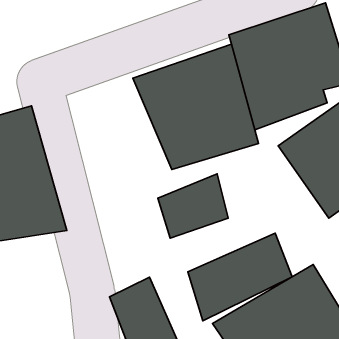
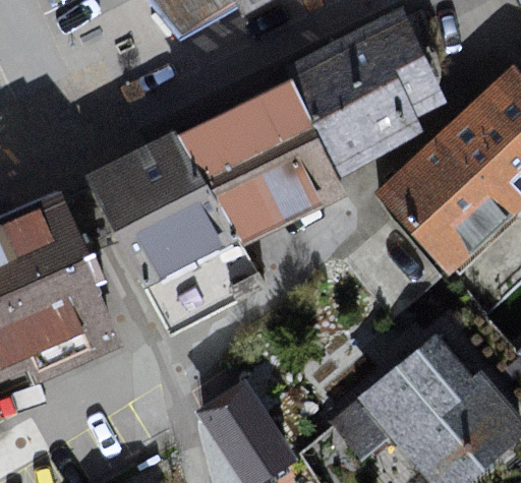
building: none -> [89,128,248,290]
building: [158,174,228,238] -> none
building: [188,233,292,321] -> none

